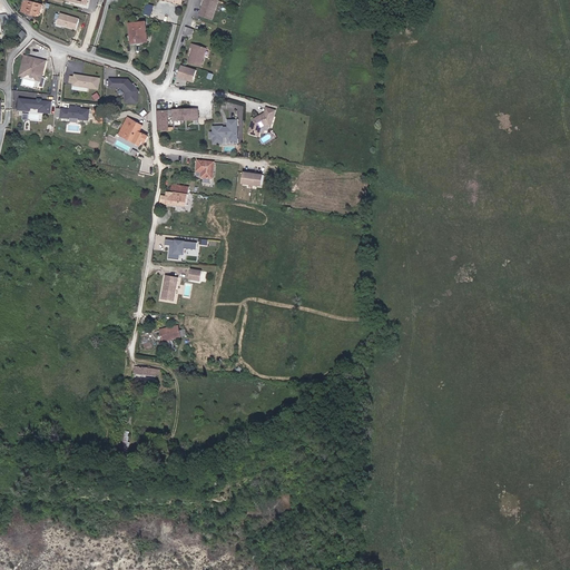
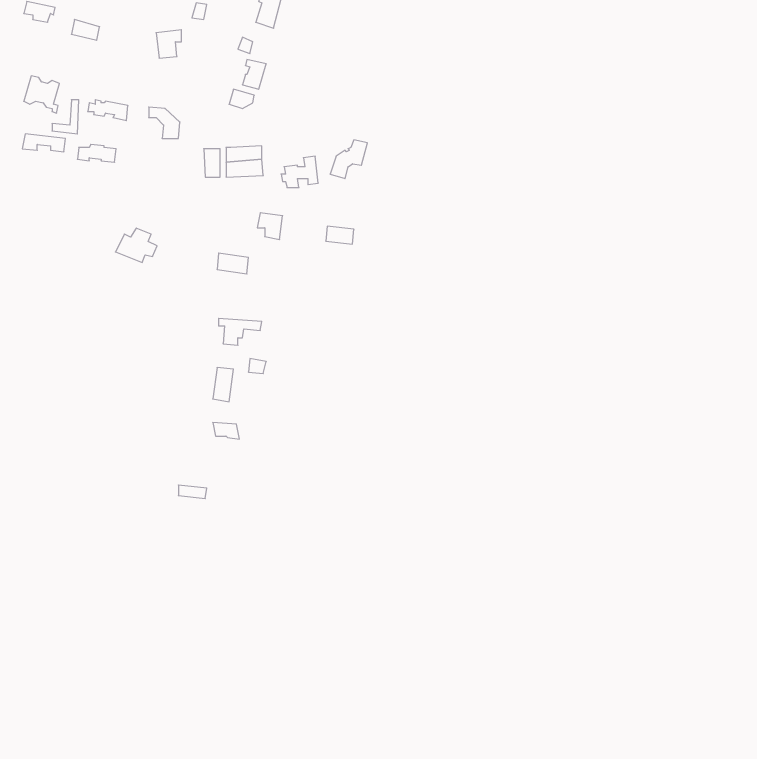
building: [116,118,147,144] -> [115,228,157,262]

